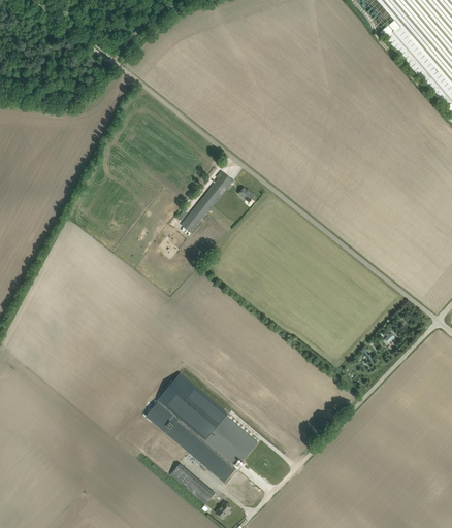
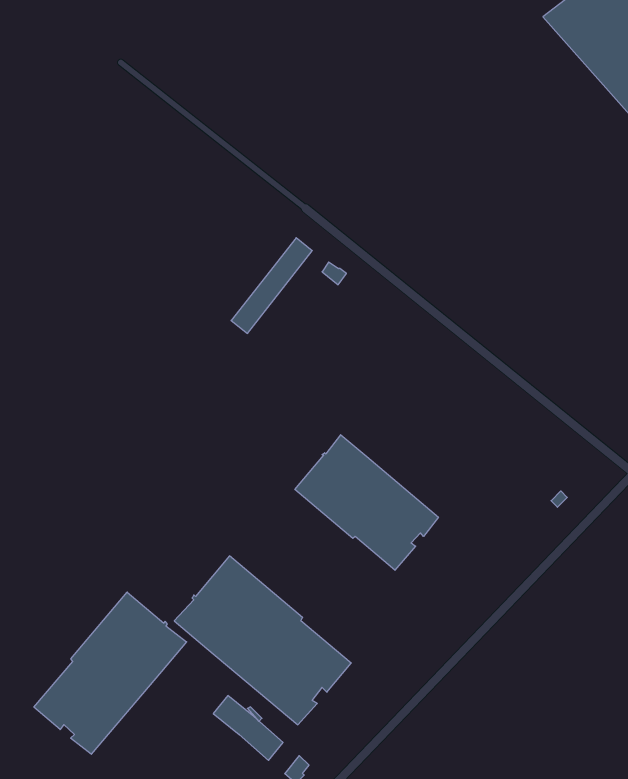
building: none -> [295,435,438,570]
building: none -> [34,592,187,754]

